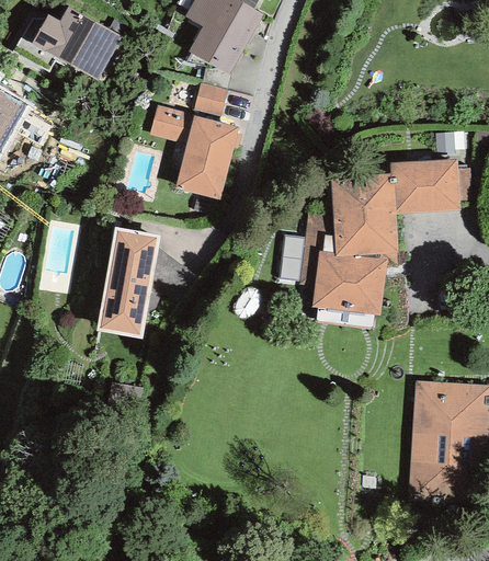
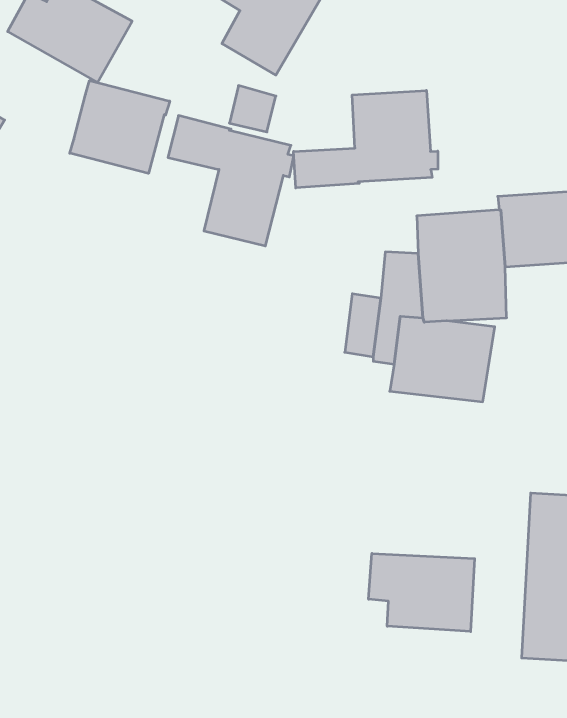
building: none -> [70,81,170,173]
building: none -> [294,90,438,188]
building: [96,226,161,339] -> none
building: none -> [369,553,475,632]

